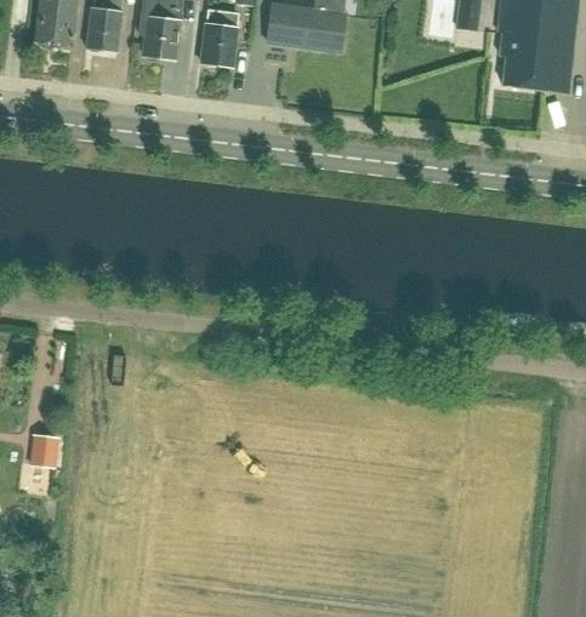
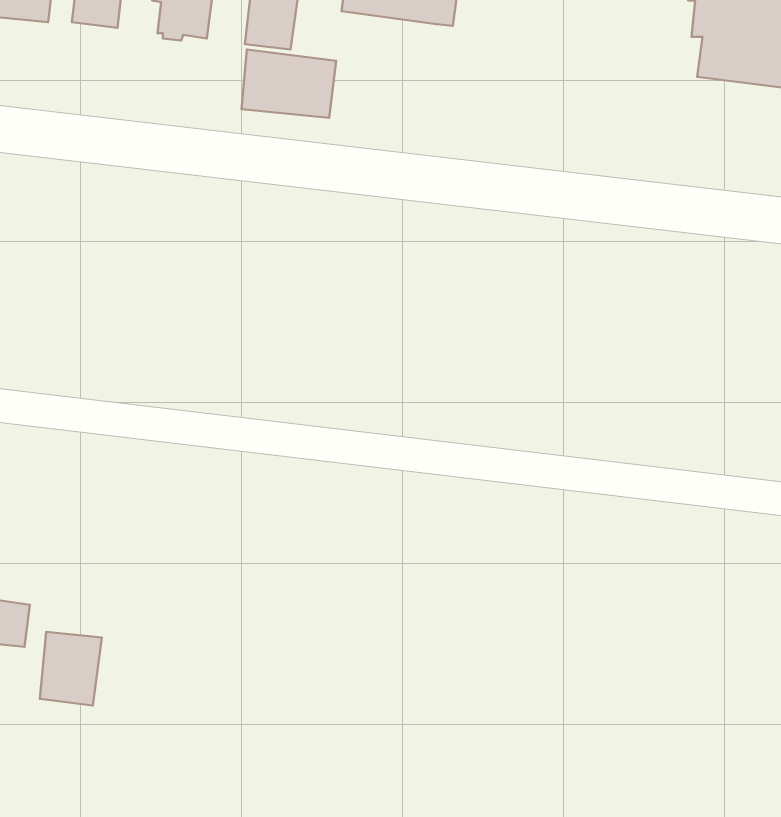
building: none -> [241,50,336,118]
building: none -> [40,632,102,705]

